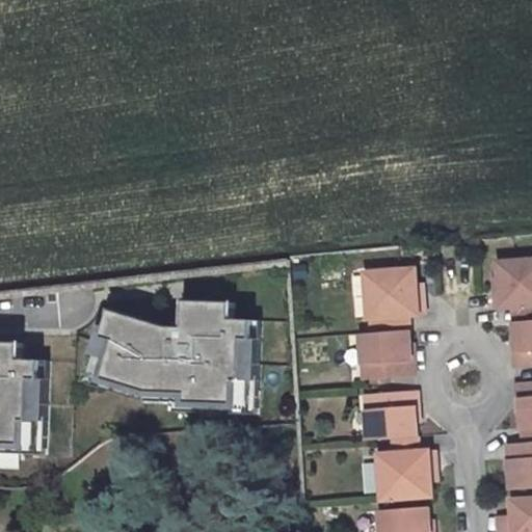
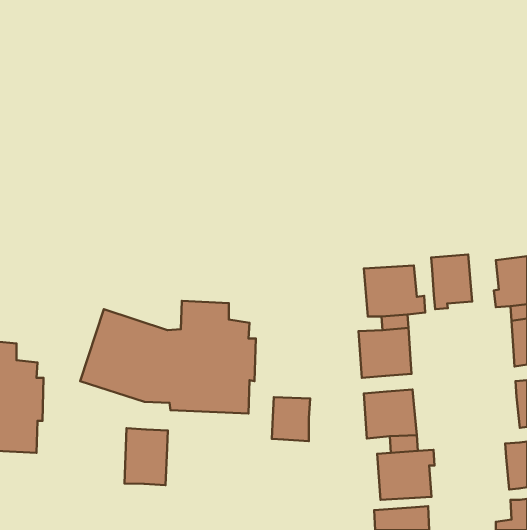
building: none -> [431,254,472,309]
building: none -> [272,397,310,441]
building: none -> [124,428,168,485]

